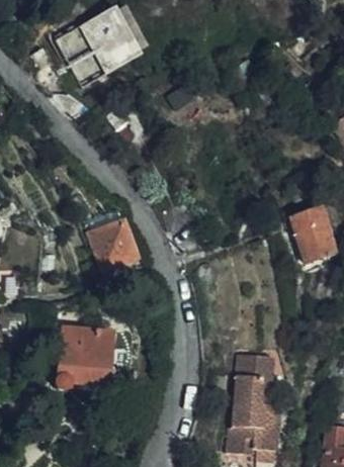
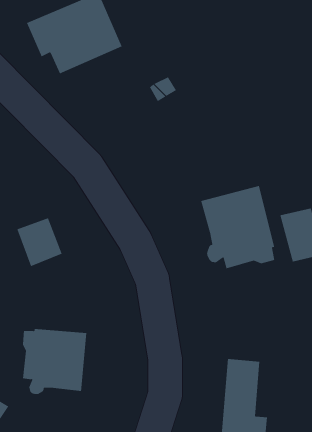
building: none -> [201,185,275,269]
building: [93,221,137,268] -> [16,218,62,267]

